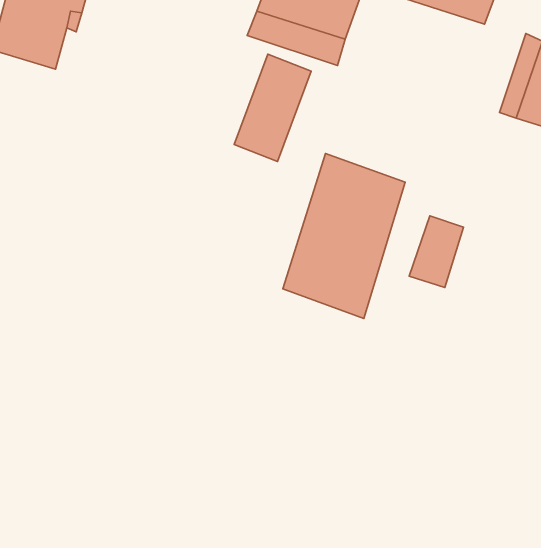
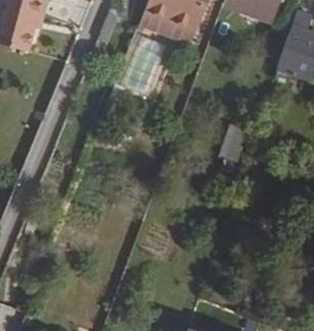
building: [283,154,405,319] -> none

